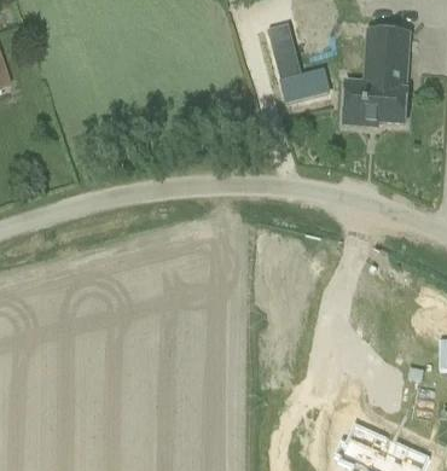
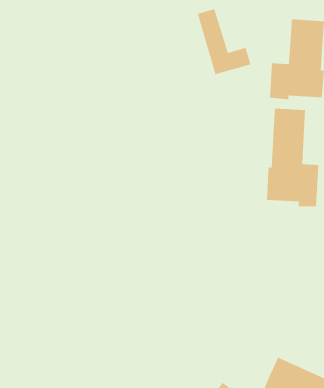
building: none -> [266,108,319,207]

